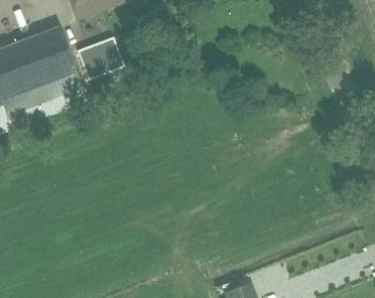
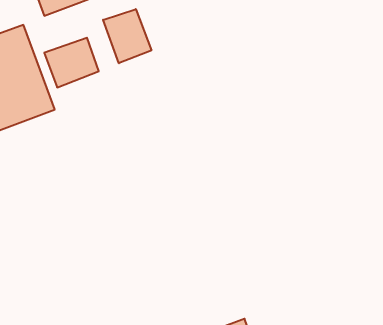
building: none -> [103,9,151,63]

